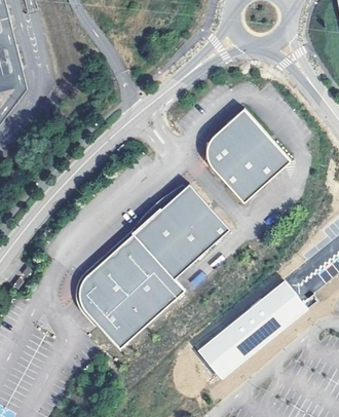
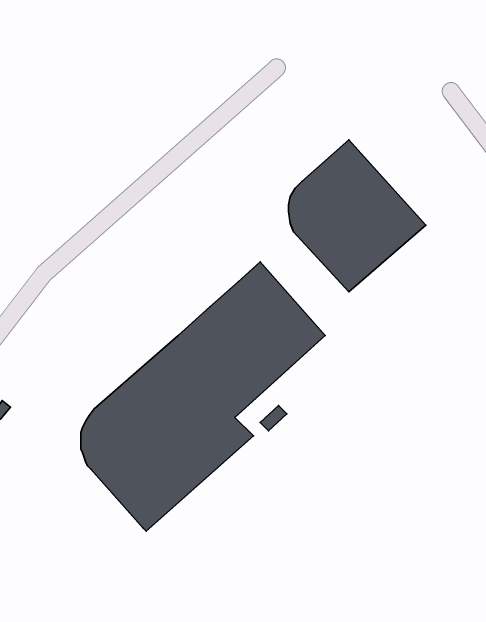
building: [196,280,307,380] -> none

